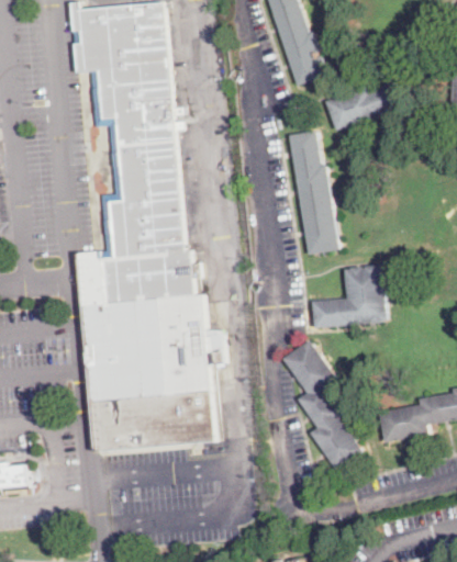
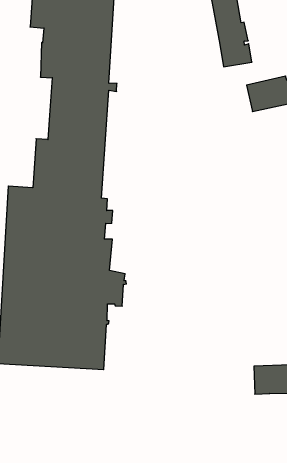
building: [289,131,339,254] -> none
building: [313,265,387,328] -> none
building: [283,340,364,470] -> none

